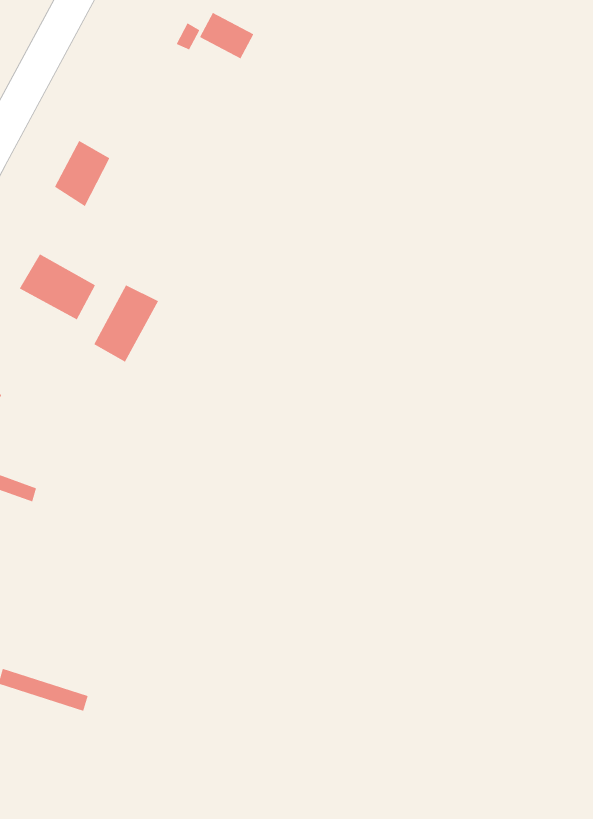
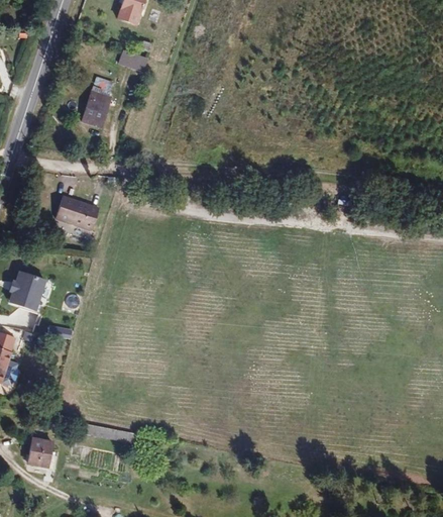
building: [54,140,110,207] -> [83,83,111,119]
building: [93,284,159,362] -> none

